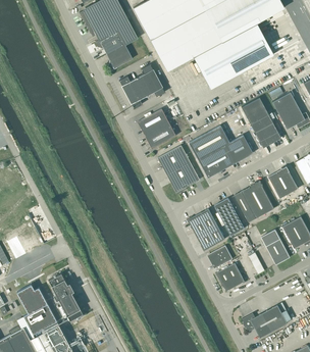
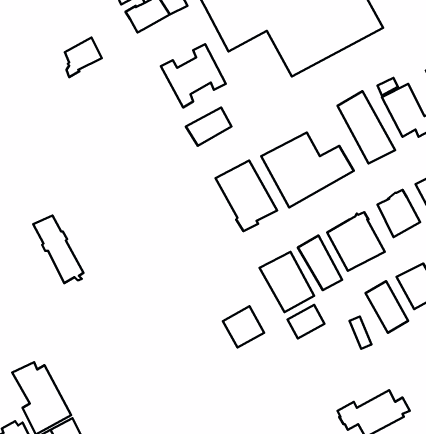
building: [107,45,133,72] -> [65,37,102,77]
building: [145,122,175,149] -> none
building: [216,263,245,292] -> [223,306,264,348]
building: [48,274,83,321] -> [33,215,83,283]

